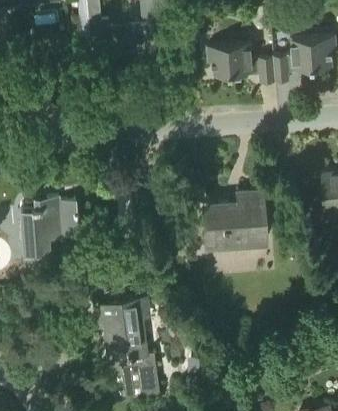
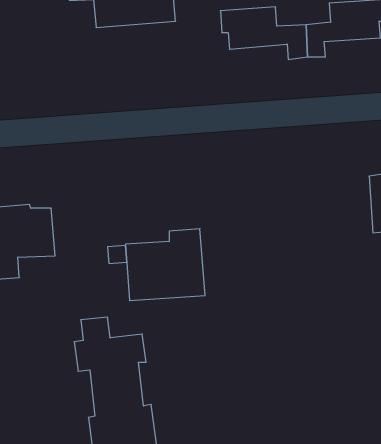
building: [203,192,265,248] -> [126,229,205,301]

